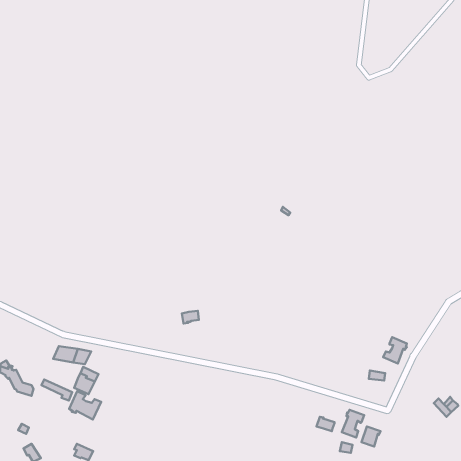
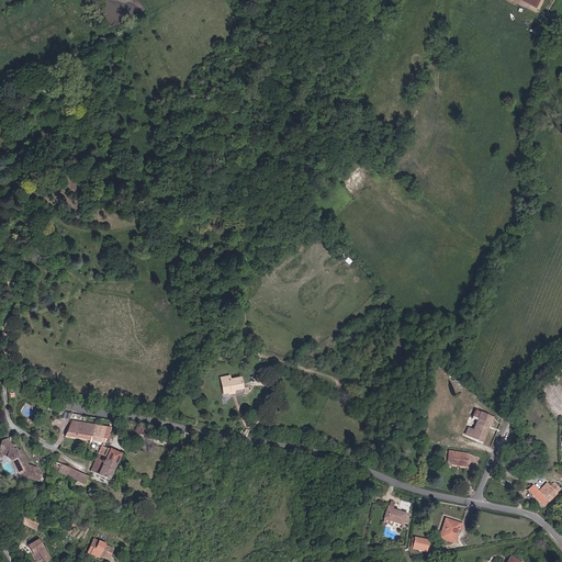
building: [69,391,101,419] -> none
building: [342,410,364,437] -> none

